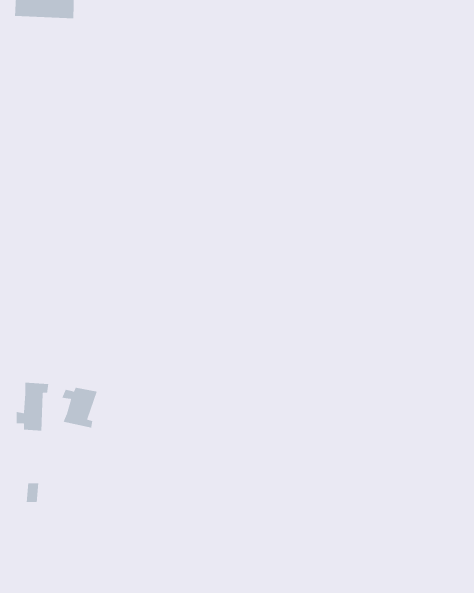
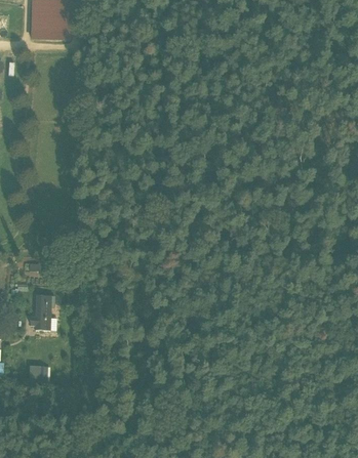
building: [61,387,98,428] -> none

